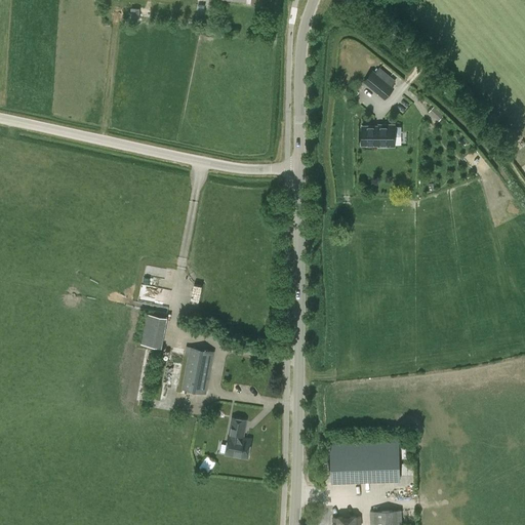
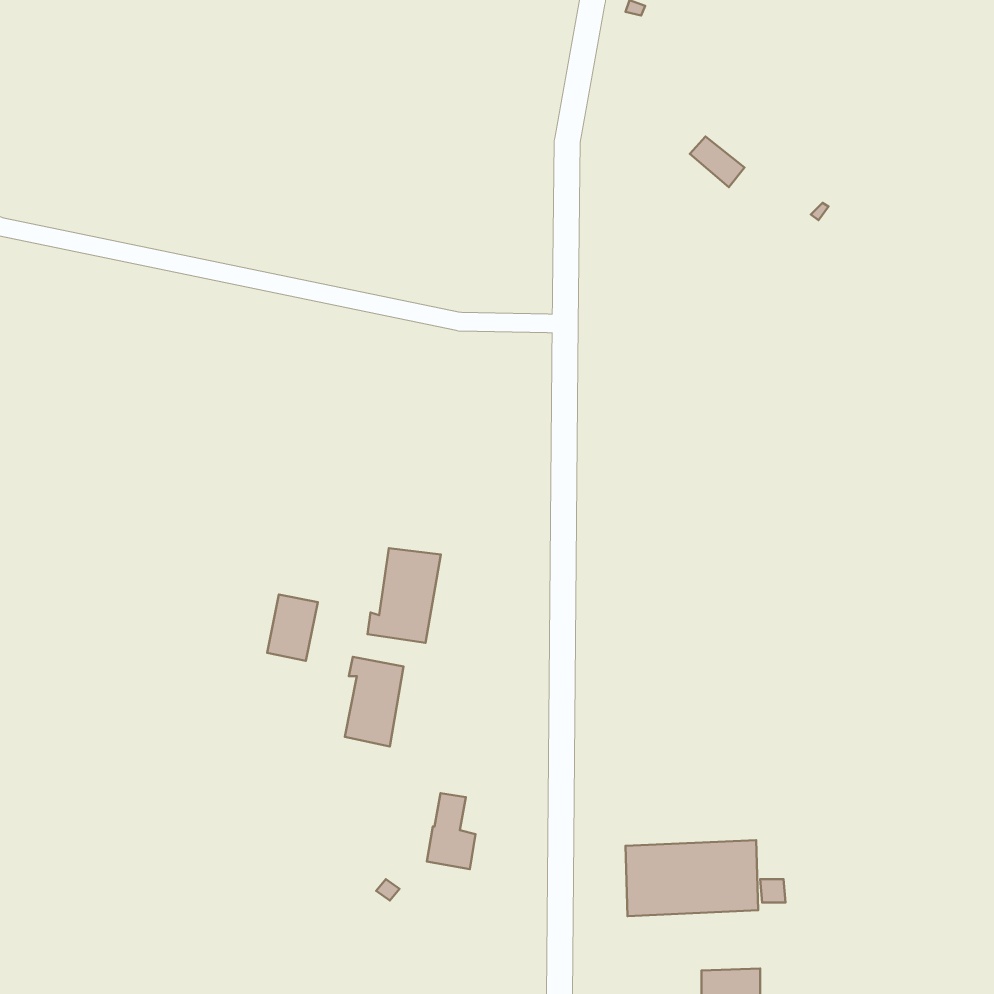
building: [361,126,400,148] -> none
building: none -> [368,548,441,643]

